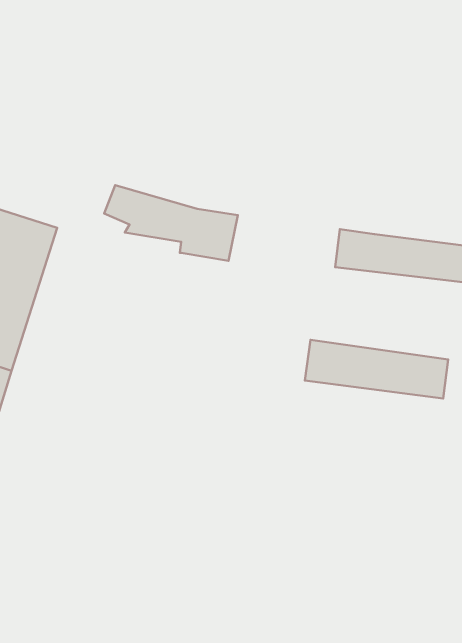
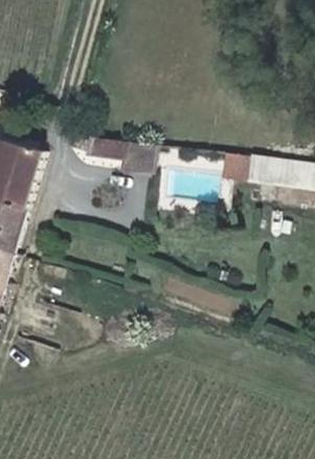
building: [305,340,448,399] -> none

